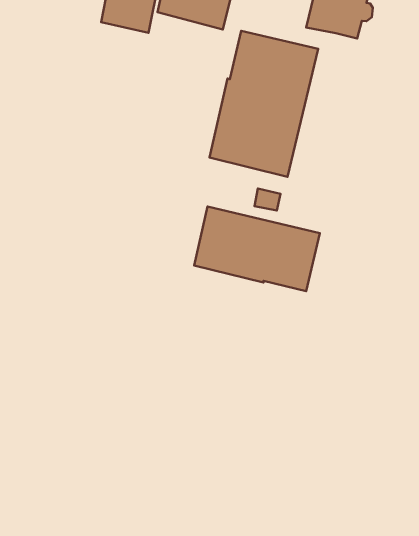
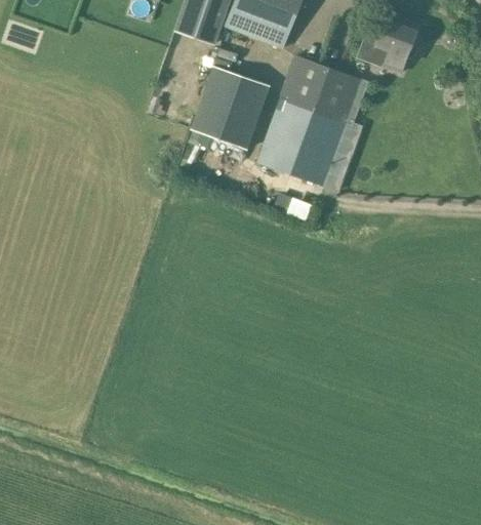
building: none -> [190,65,270,149]
building: [194,206,320,291] -> none

